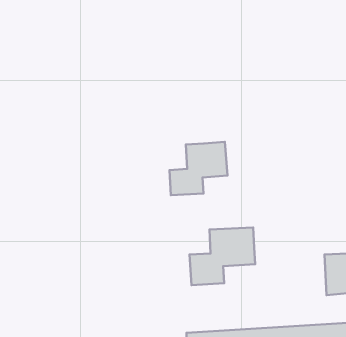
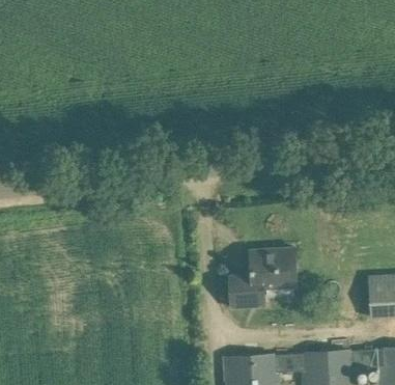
building: [169,142,228,195] -> none

